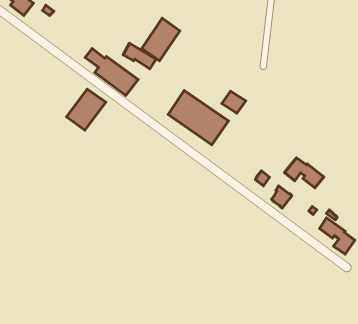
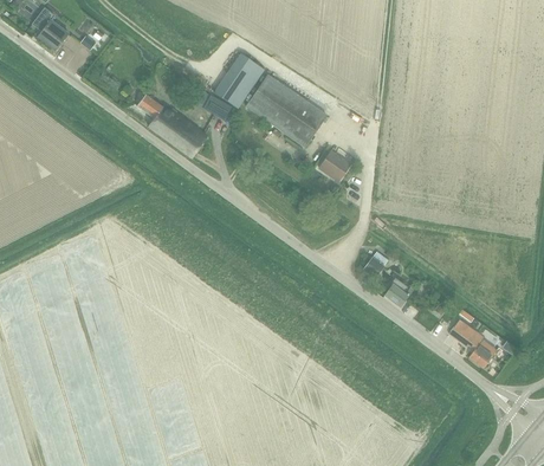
building: [67,89,106,130] -> none
building: [168,91,229,145] -> [247,73,328,145]
building: [285,158,324,188] -> none

